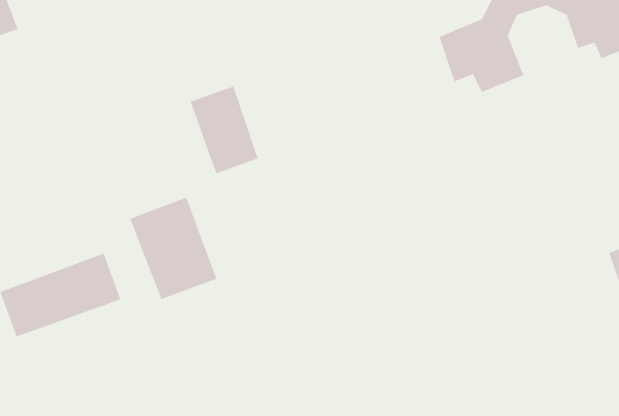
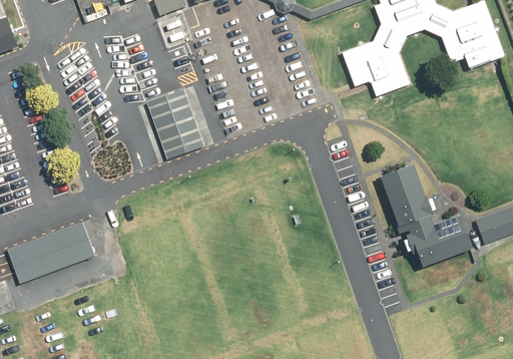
building: none -> [380,163,474,267]
building: [129,197,217,300] -> none

